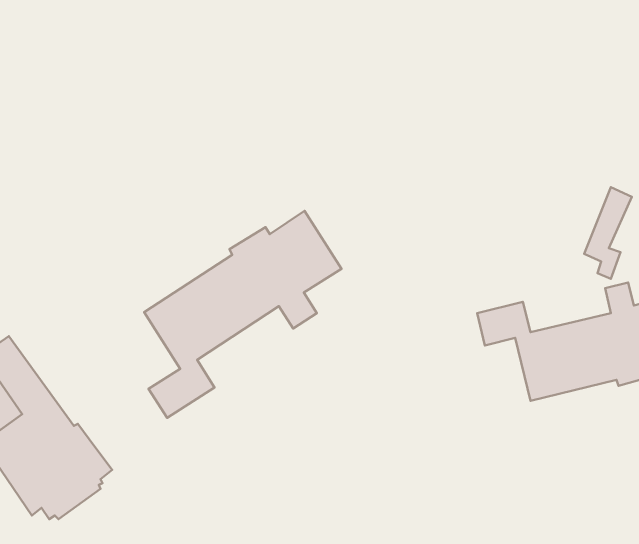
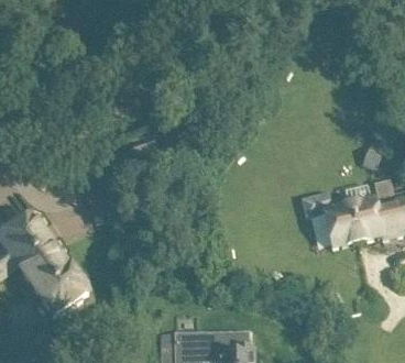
building: [144,211,342,418] -> none

